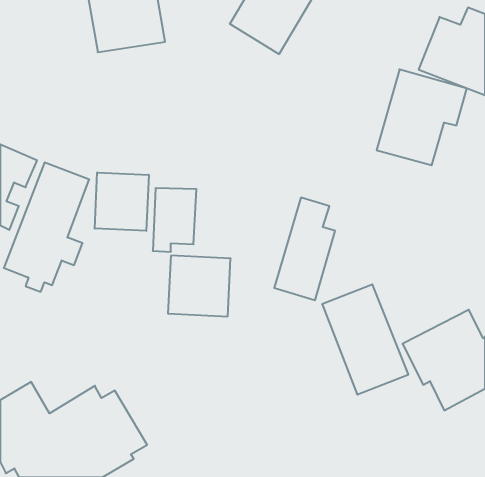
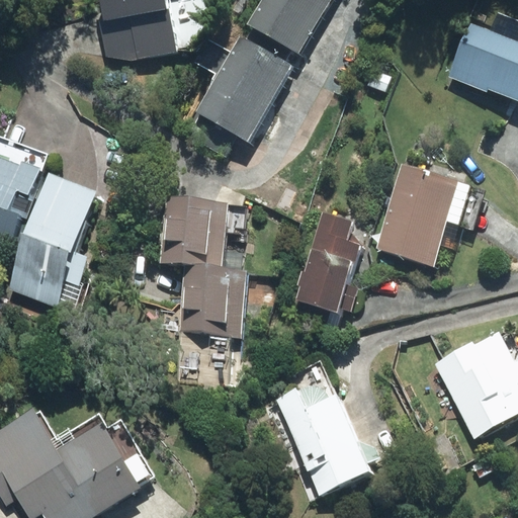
building: none -> [187,32,291,147]
building: [377,69,467,165] -> [374,166,470,268]
building: [95,172,149,231] -> none
building: [322,284,408,395] -> [282,371,374,489]

